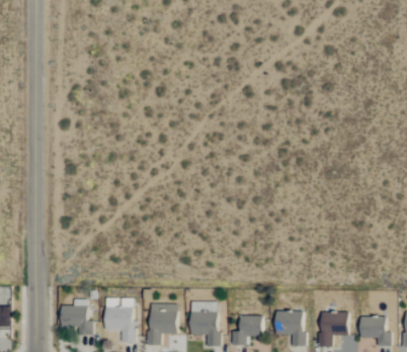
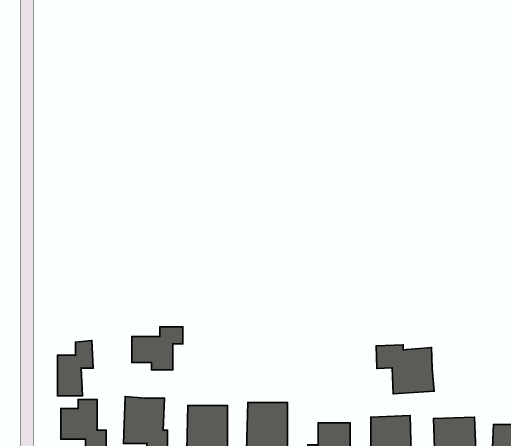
building: none -> [132,327,183,370]
building: none -> [58,340,93,396]
building: none -> [376,345,434,394]

